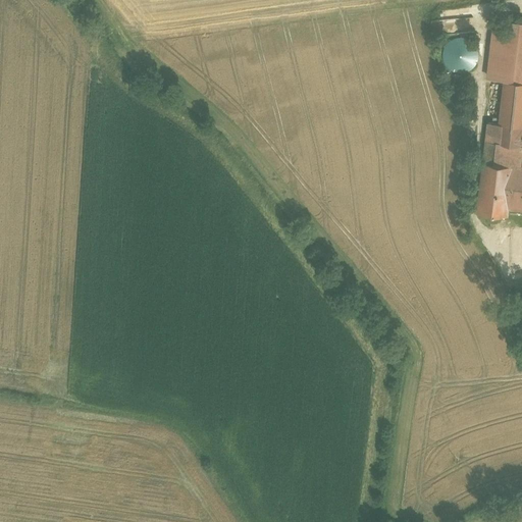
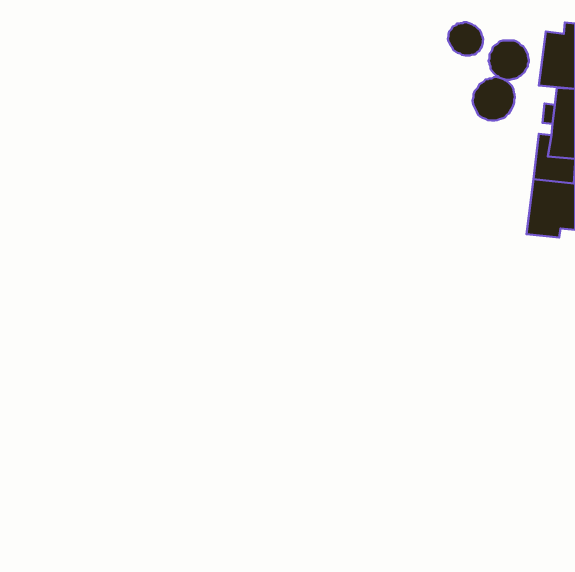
building: none -> [448,22,483,56]
building: none -> [473,77,515,121]

